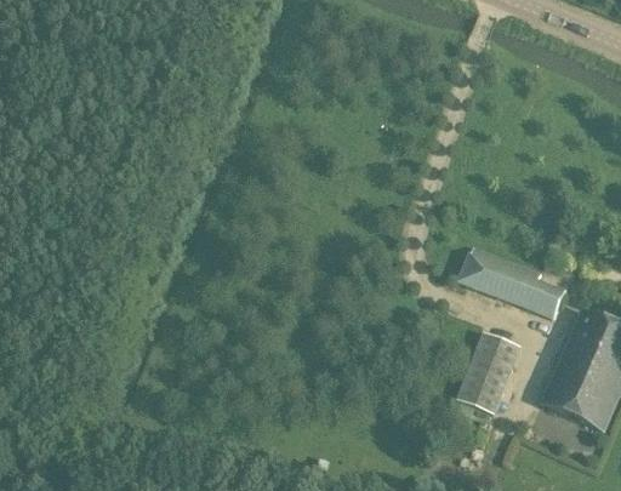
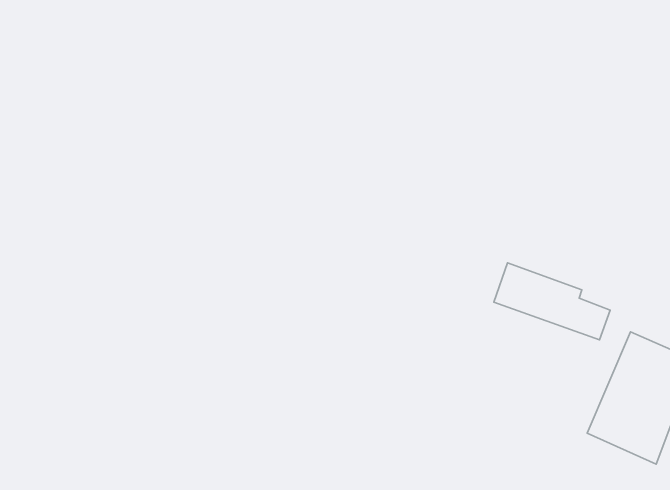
building: [460,331,523,412] -> none

